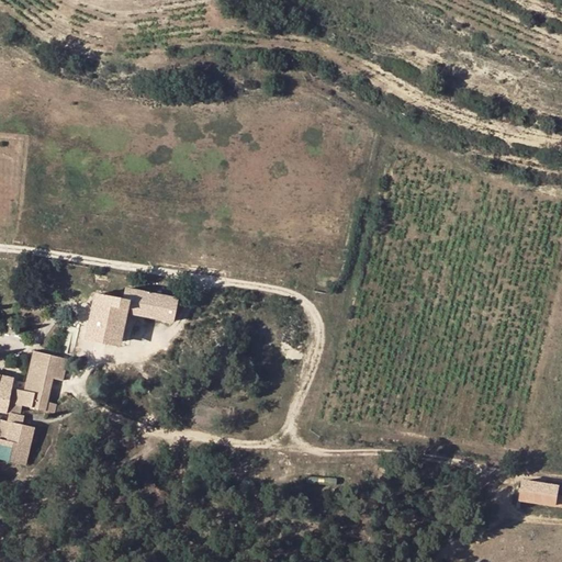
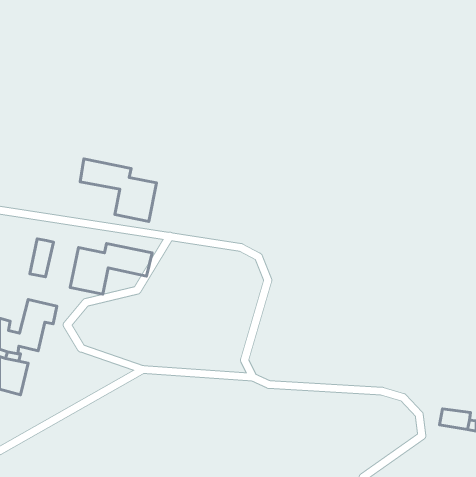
building: none -> [80,159,156,222]
building: none -> [30,239,54,277]

